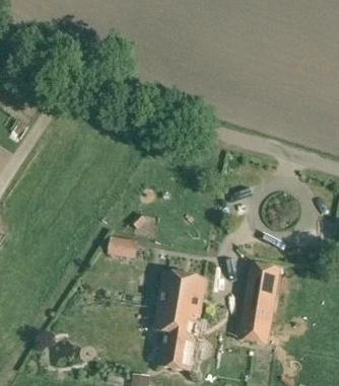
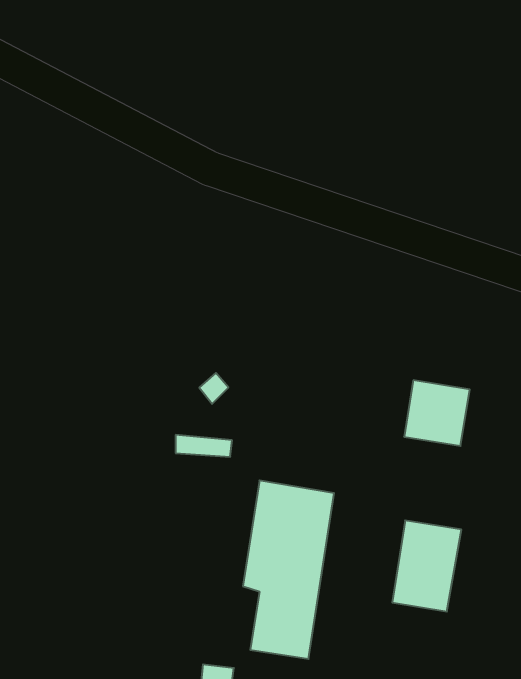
building: [245,261,281,298] -> [404,380,470,446]

